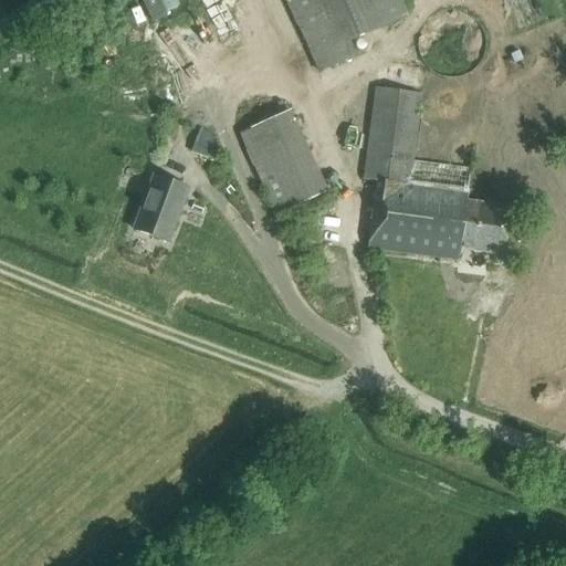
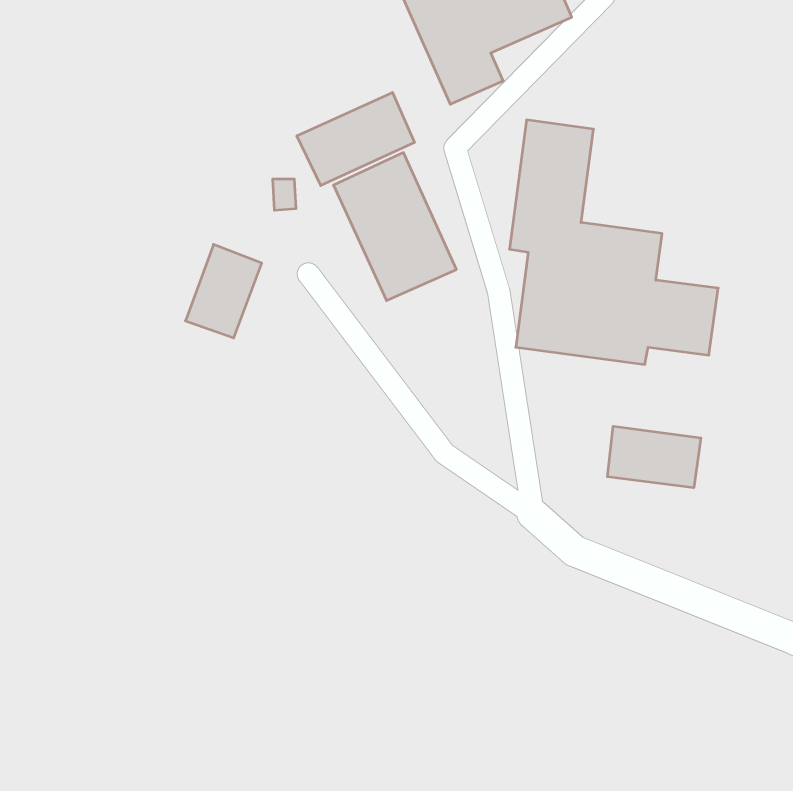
building: none -> [297,92,414,186]
building: none -> [607,426,701,488]

